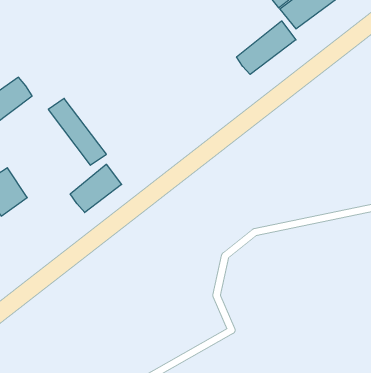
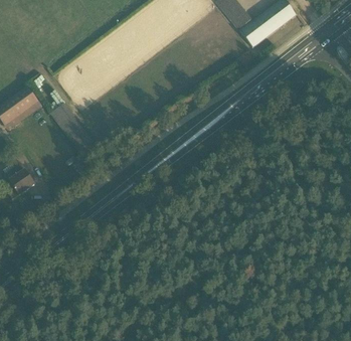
building: [237,21,296,74] -> none
building: [70,164,122,213] -> none

